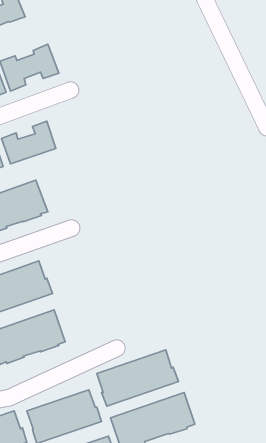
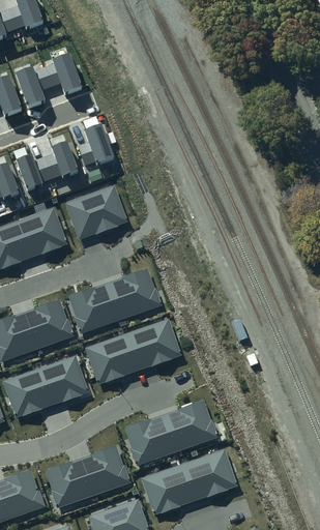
building: none -> [79,117,116,166]
building: none -> [65,185,127,239]
building: none -> [68,268,163,334]
building: none -> [85,319,181,384]

